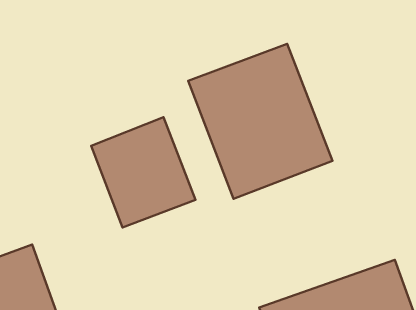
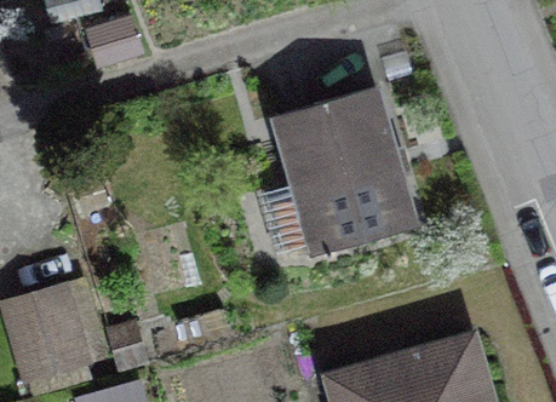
building: [91,117,195,227] -> none

